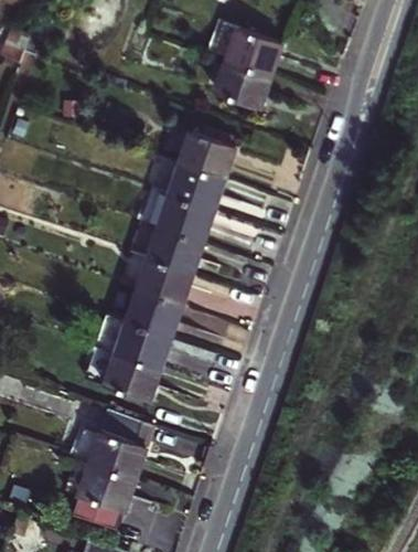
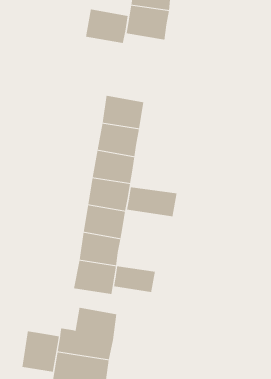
building: [179,131,234,179] -> [85,9,128,44]
building: none -> [127,186,177,217]
building: none -> [114,266,155,293]
building: none -> [22,330,59,372]

